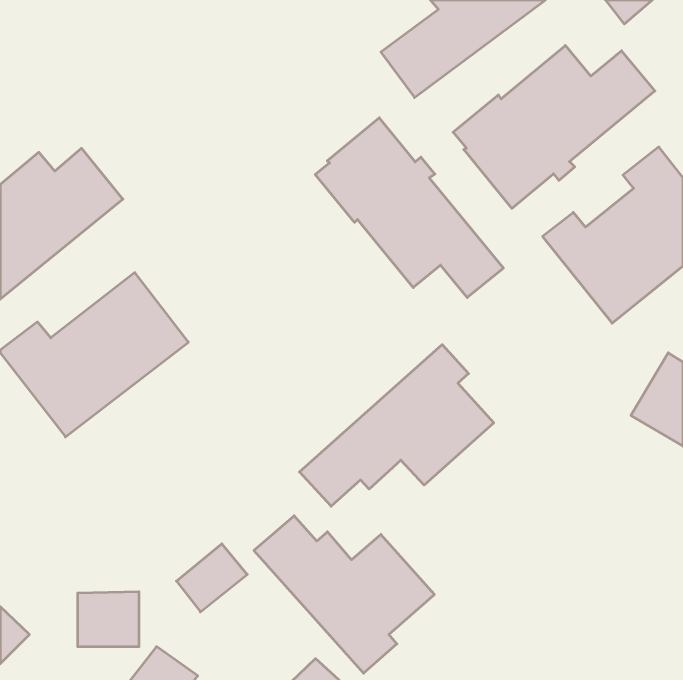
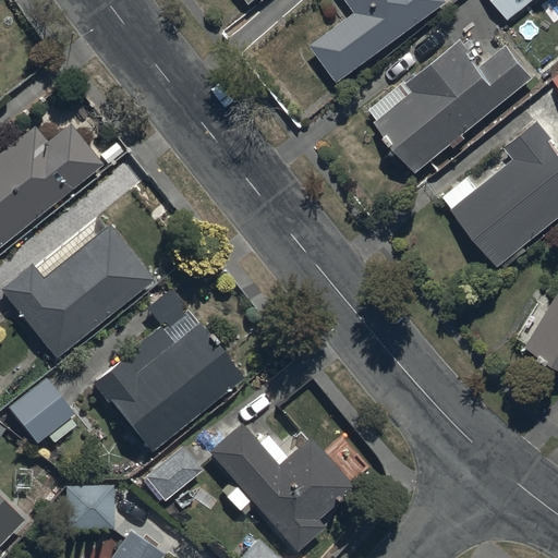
building: [315,118,503,298] -> none
building: [299,345,494,506] -> none
building: none -> [90,293,241,454]
building: none -> [5,376,77,447]

